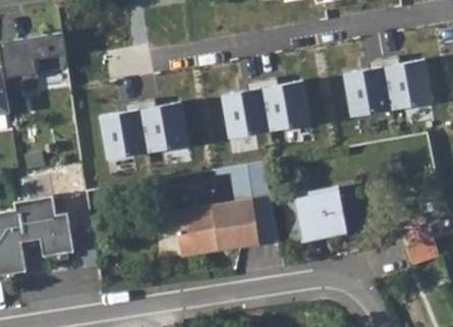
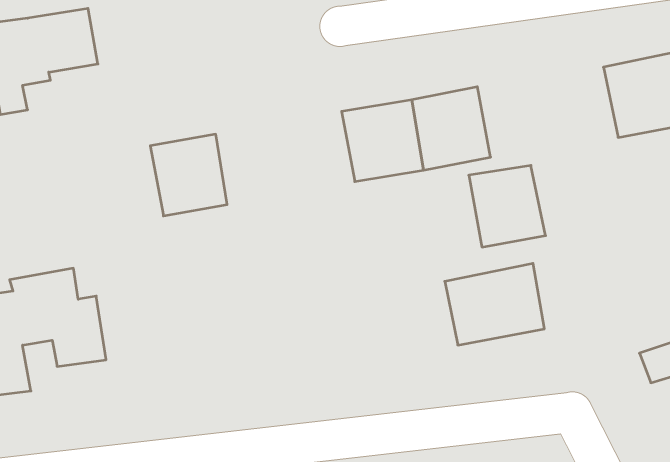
building: [343,69,391,120] -> [469,165,546,247]
building: [140,104,189,155] -> none
building: [171,199,256,256] -> none

